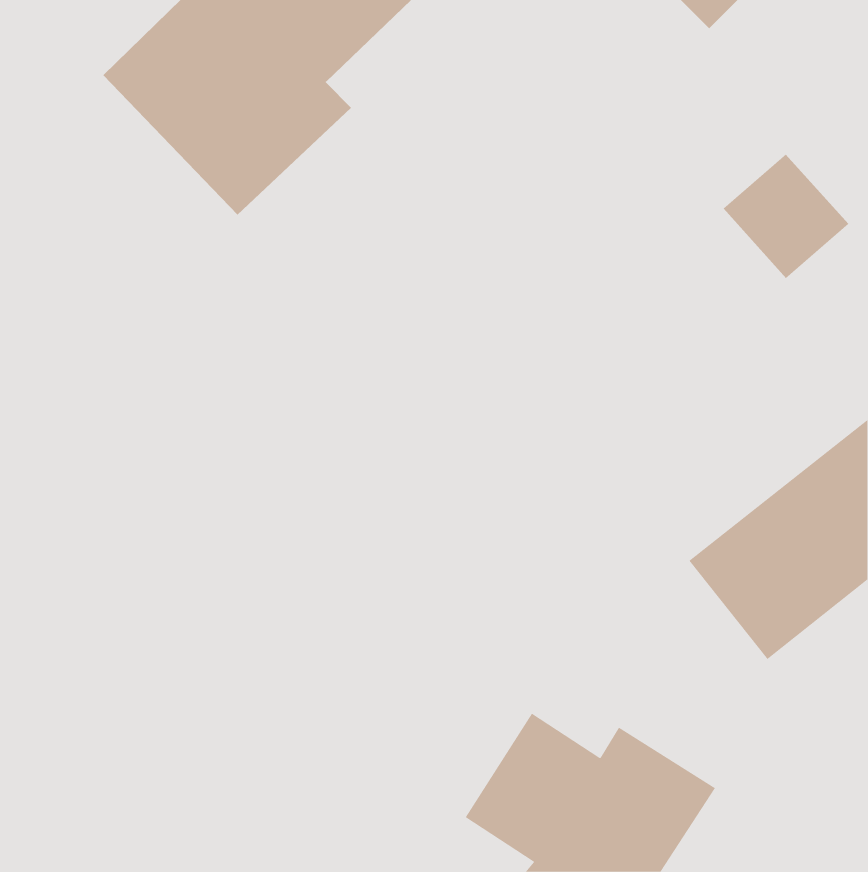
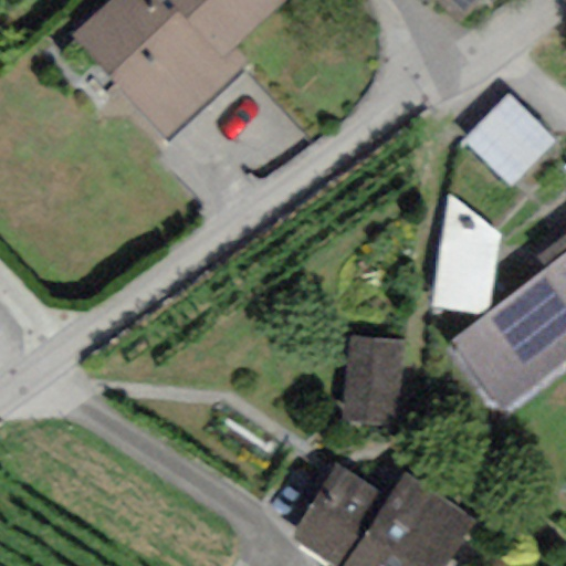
building: none -> [434,192,503,307]
building: none -> [338,329,405,423]

